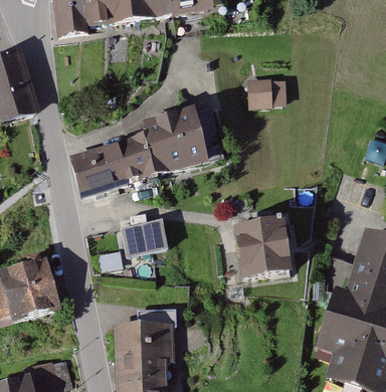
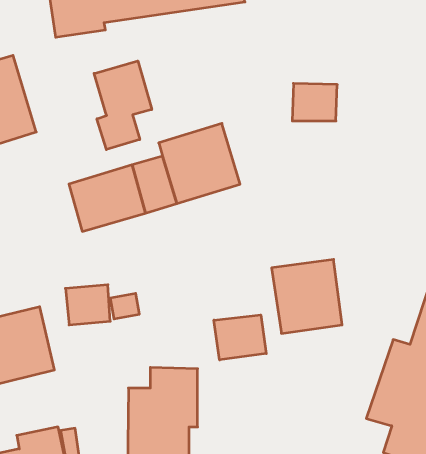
building: none -> [94,61,152,150]
building: [125,220,162,253] -> [65,285,110,325]
building: none -> [214,315,266,360]

